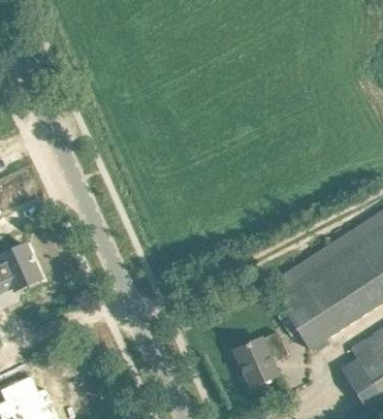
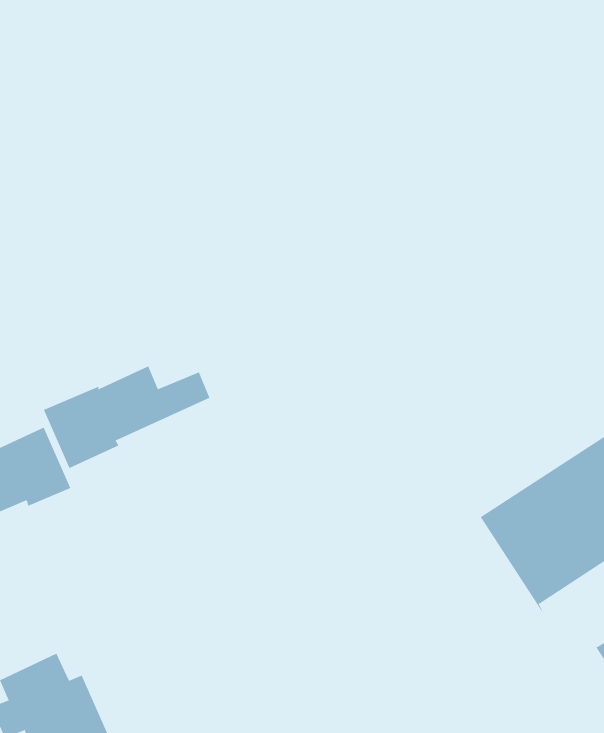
building: none -> [43,365,210,469]
building: [234,331,288,387] -> none

